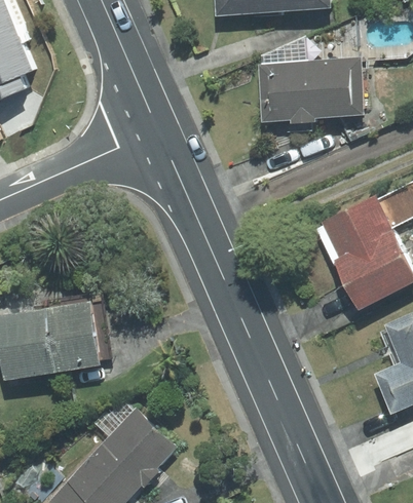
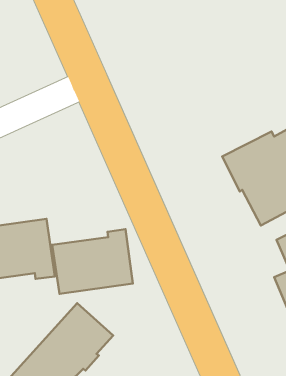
building: [259,59,367,122] -> none
building: none -> [52,229,133,294]

